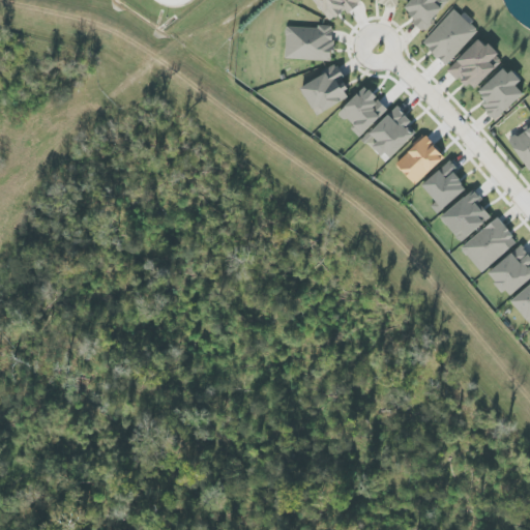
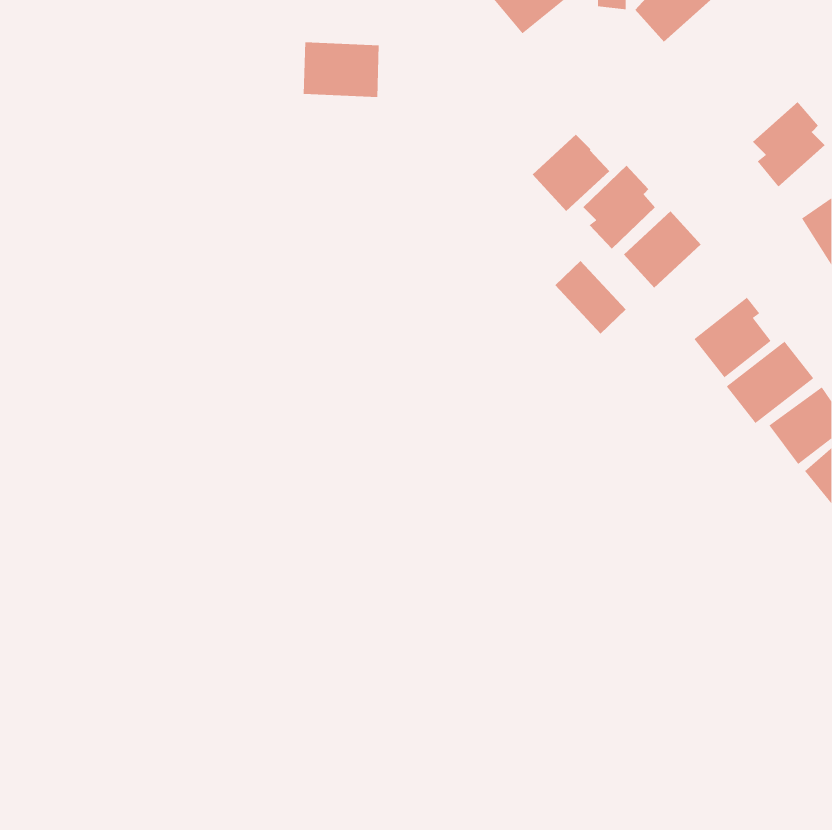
building: [422,8,477,63] -> none
building: [285,24,333,59] -> [303,42,380,97]
building: [448,36,503,90] -> none
building: [300,65,352,114] -> none
building: [422,161,468,207] -> none
building: none -> [555,260,627,335]

